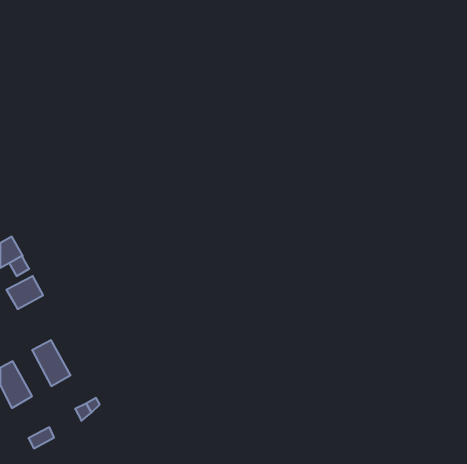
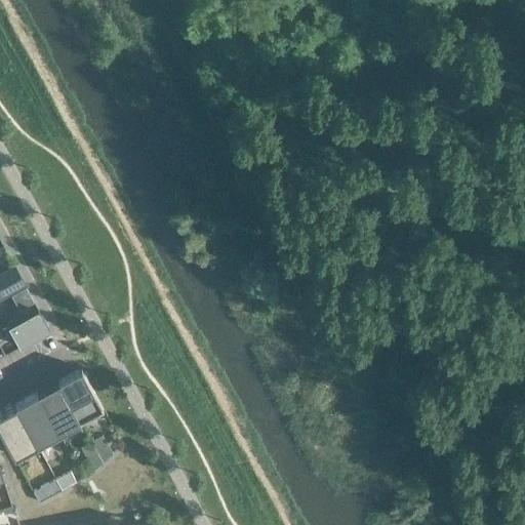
building: none -> [58,373,104,425]
building: none -> [15,397,58,448]

